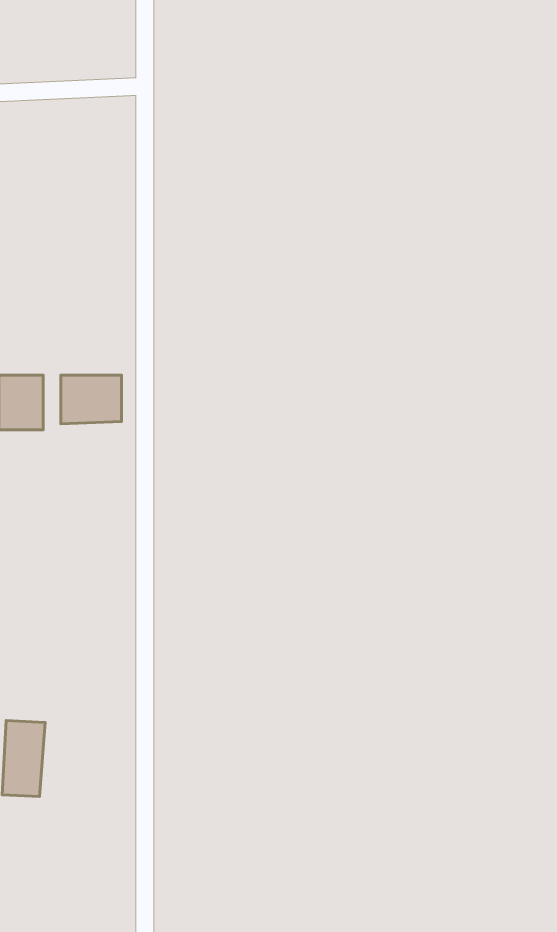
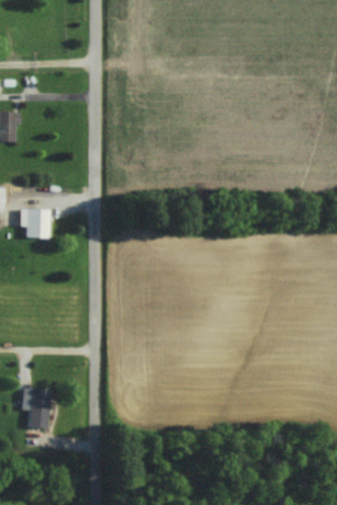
building: [61,375,121,424] -> none

